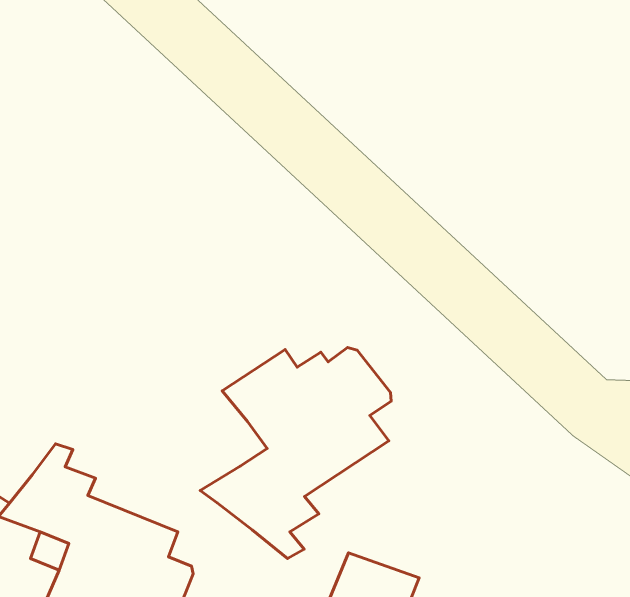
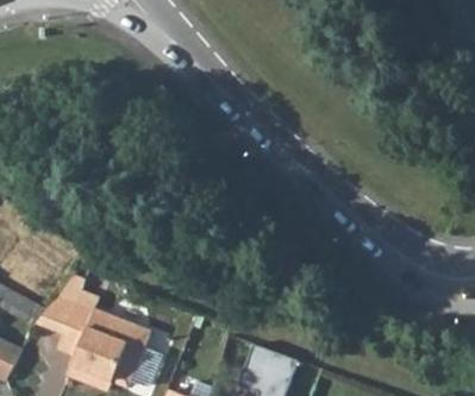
building: [200,347,391,558] -> none

